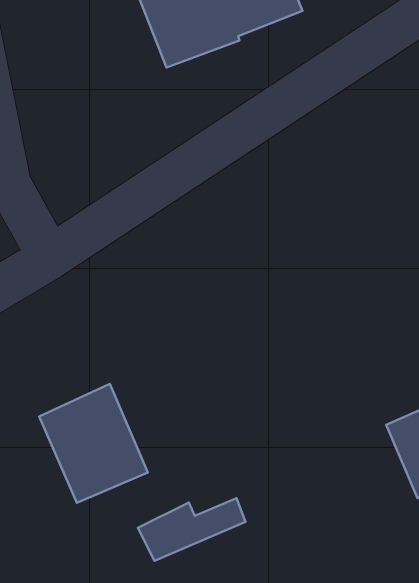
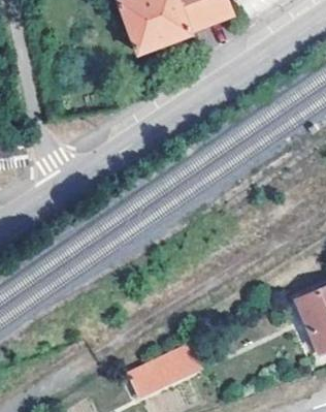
building: [39,384,148,503] -> none

